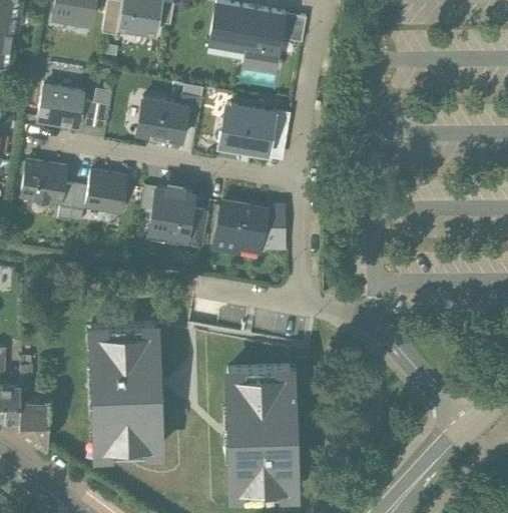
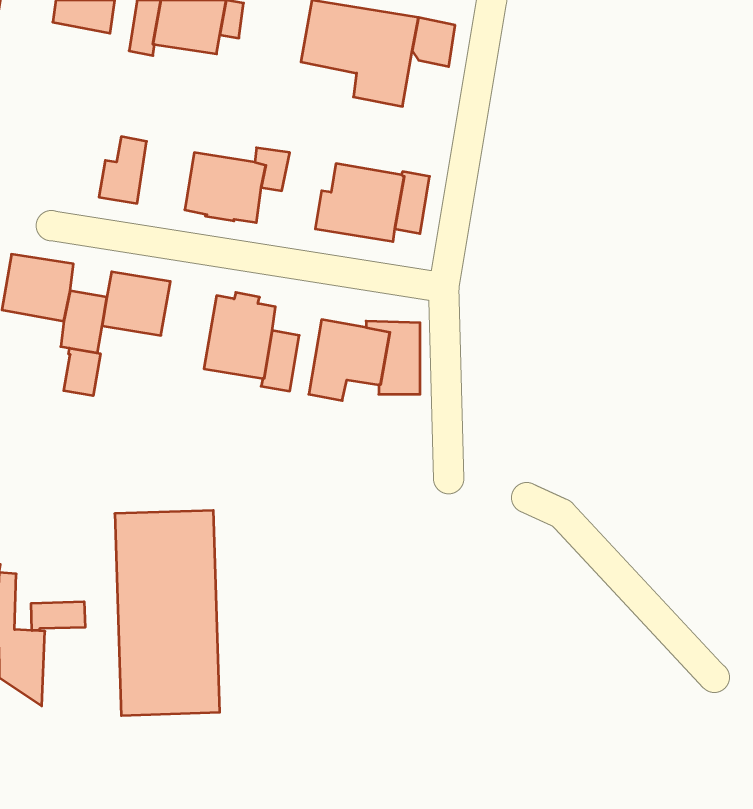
building: [38,86,82,125] -> none
building: none -> [64,348,100,396]
building: [227,366,295,495] -> none
building: none -> [31,602,85,631]

